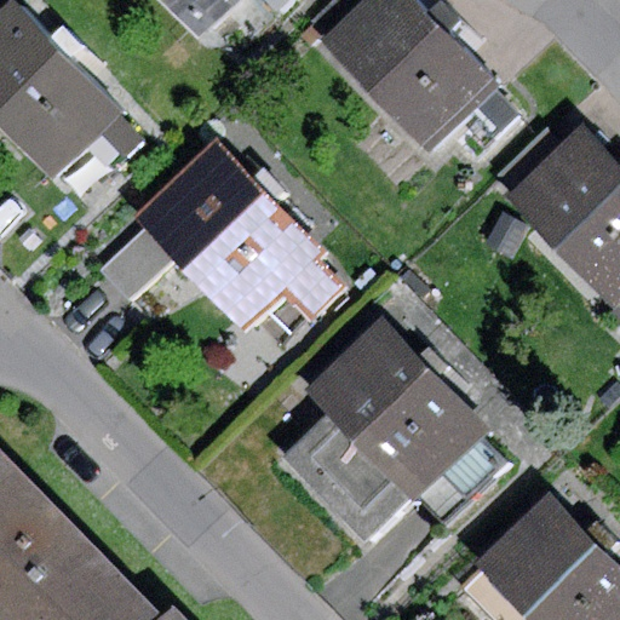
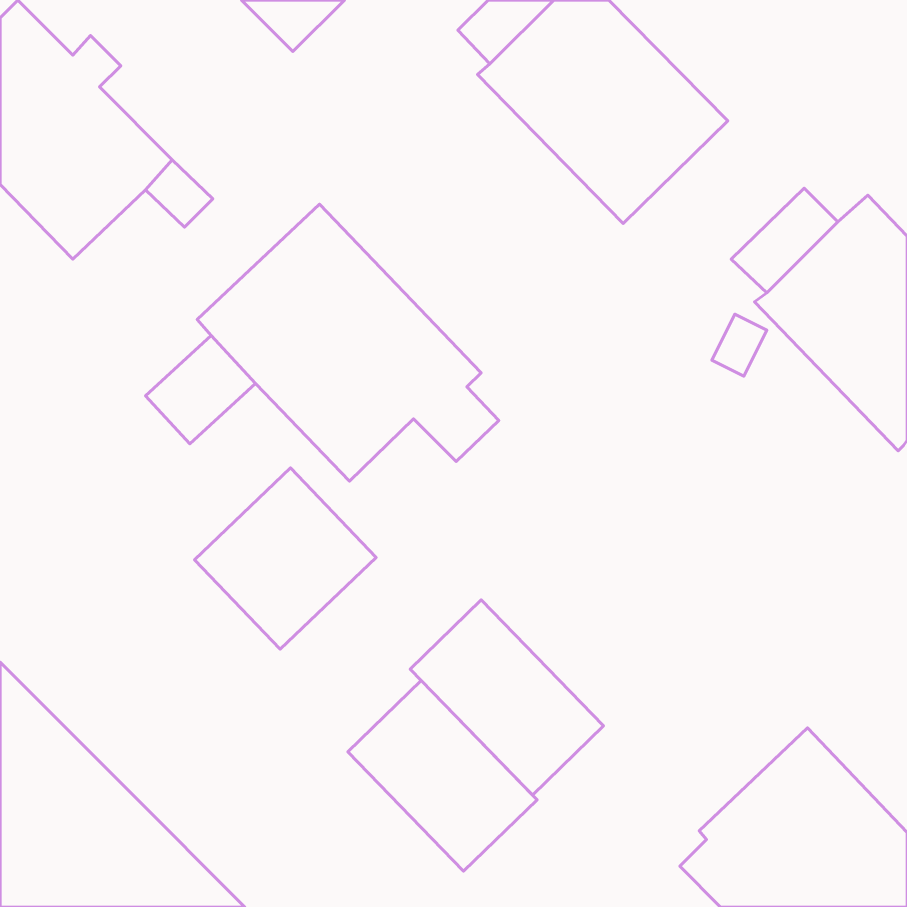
building: none -> [195,468,376,649]
building: [310,321,489,500] -> none
building: none -> [348,681,537,871]

